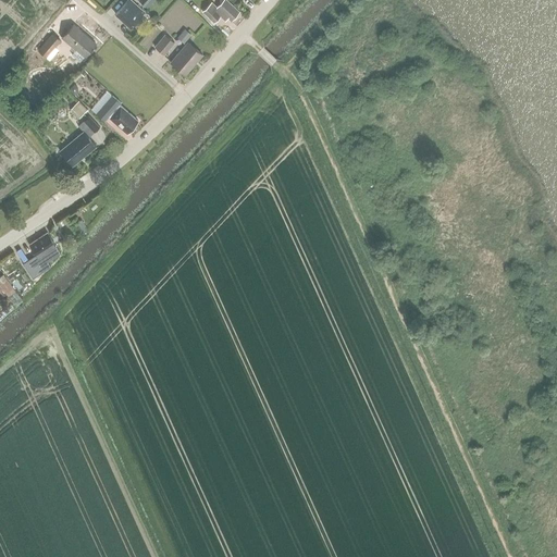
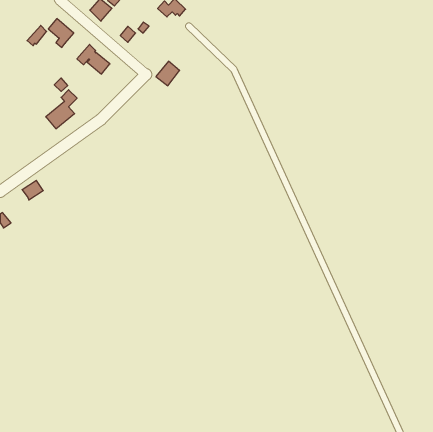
building: [171,42,201,74] -> [156,61,180,86]
building: [96,95,138,133] -> [77,44,110,74]
building: [23,245,60,277] -> none

